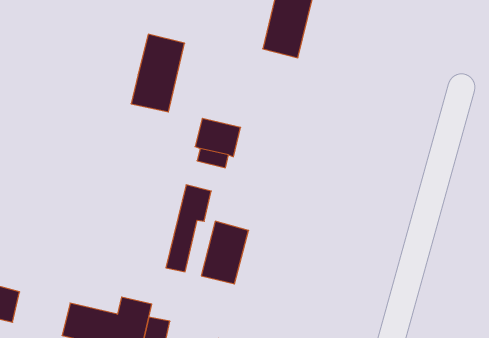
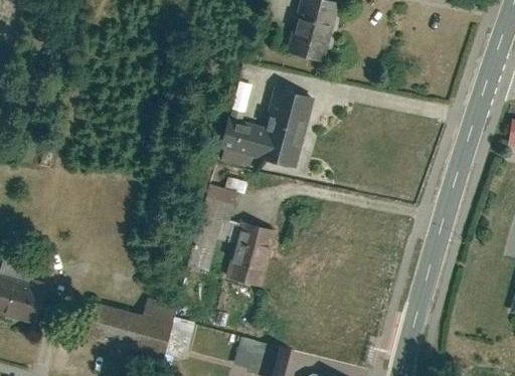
building: [131,34,185,112] -> [259,88,312,166]

